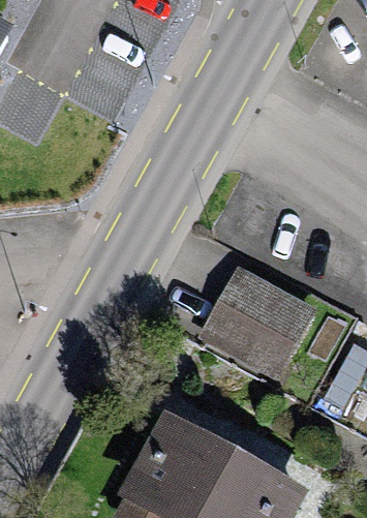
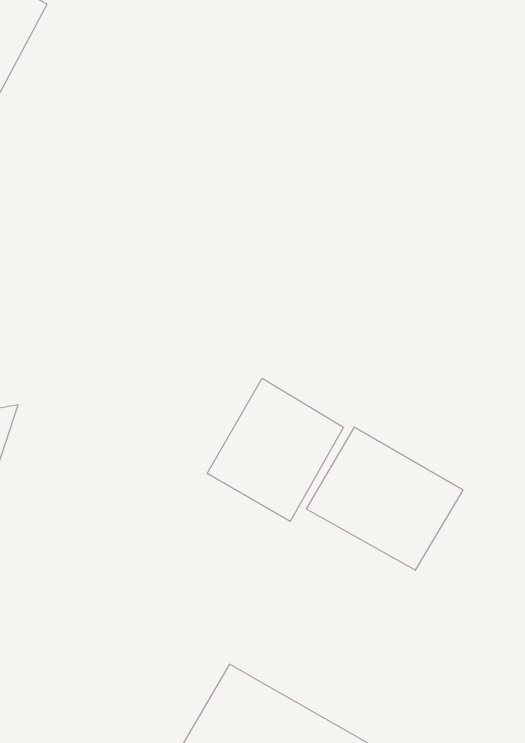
building: none -> [207,378,343,522]

